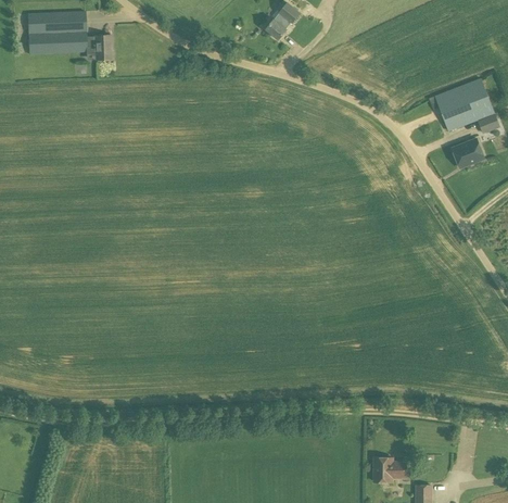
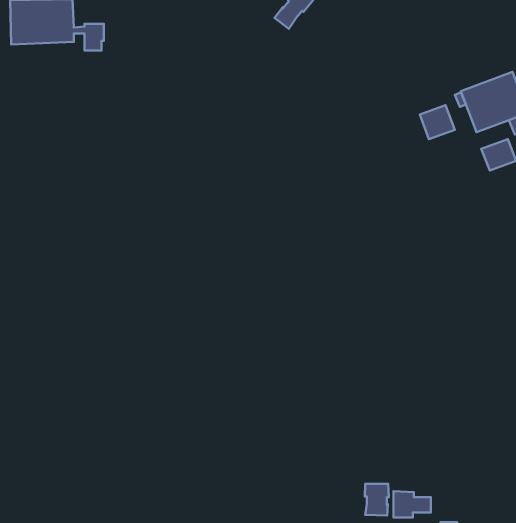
building: none -> [420,105,455,139]
building: none -> [365,484,389,516]

